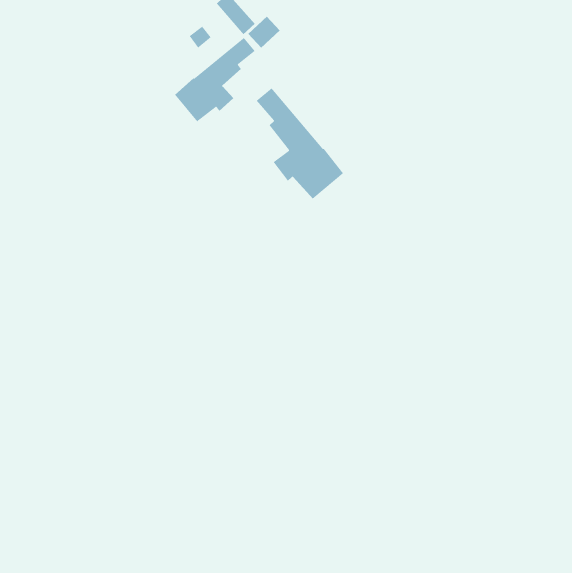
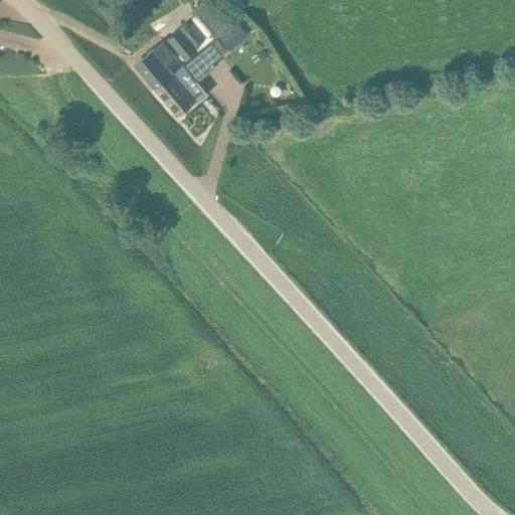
building: none -> [140,36,181,84]
building: [256,88,344,199] -> none

